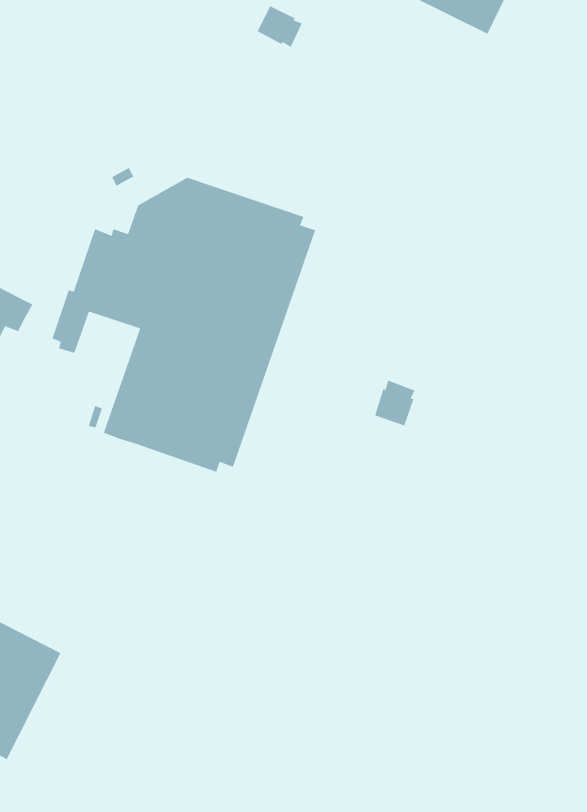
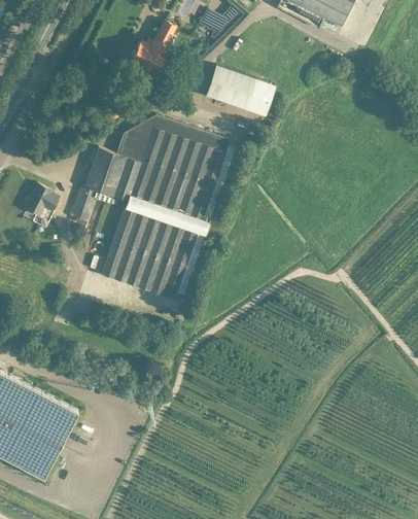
building: none -> [130,22,175,74]
building: none -> [204,66,275,116]
building: [374,380,416,426] -> none

